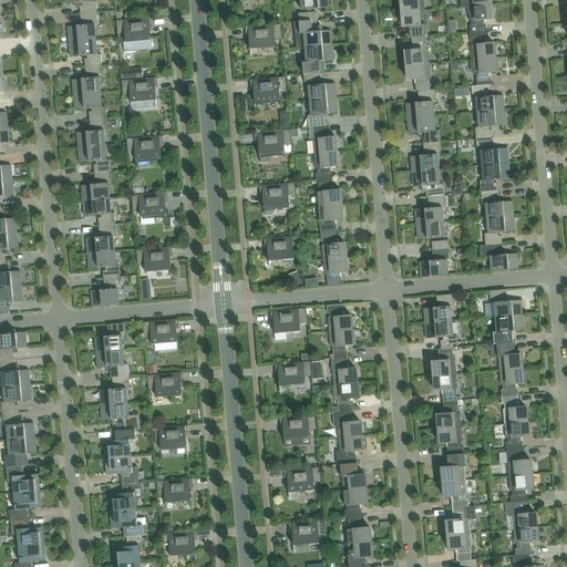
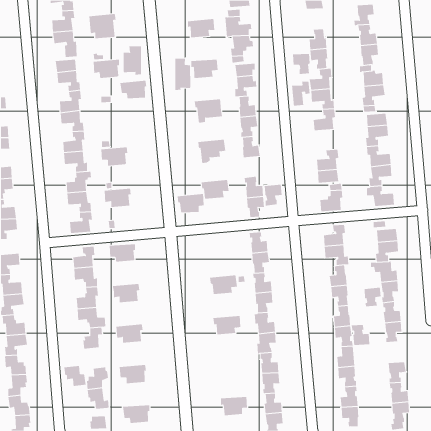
building: [402,11,426,39] -> [292,53,311,74]
building: none -> [119,46,142,75]
building: none -> [175,58,196,91]
building: none -> [292,81,310,107]
building: [126,136,163,167] -> [119,80,147,104]
building: [412,169,444,197] -> none
building: [319,205,343,234] -> [264,184,282,206]
building: [270,308,307,340] -> [177,194,205,218]
building: none -> [364,287,381,307]
building: [506,449,532,476] -> [351,324,370,345]
building: [110,456,140,484] -> [64,365,86,386]
building: [285,467,321,499] -> none

